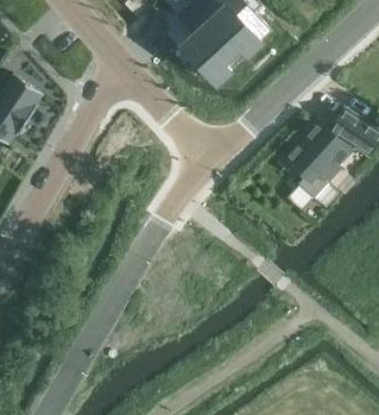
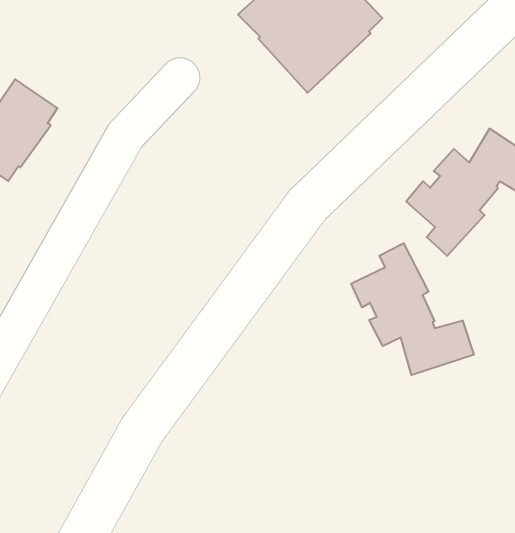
building: none -> [351,243,474,375]

